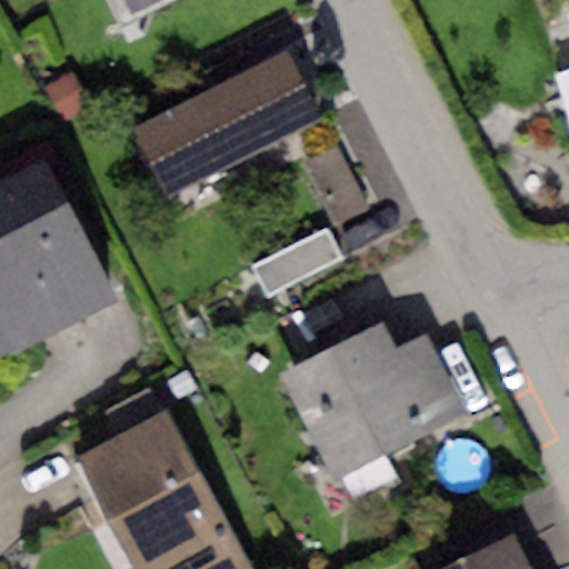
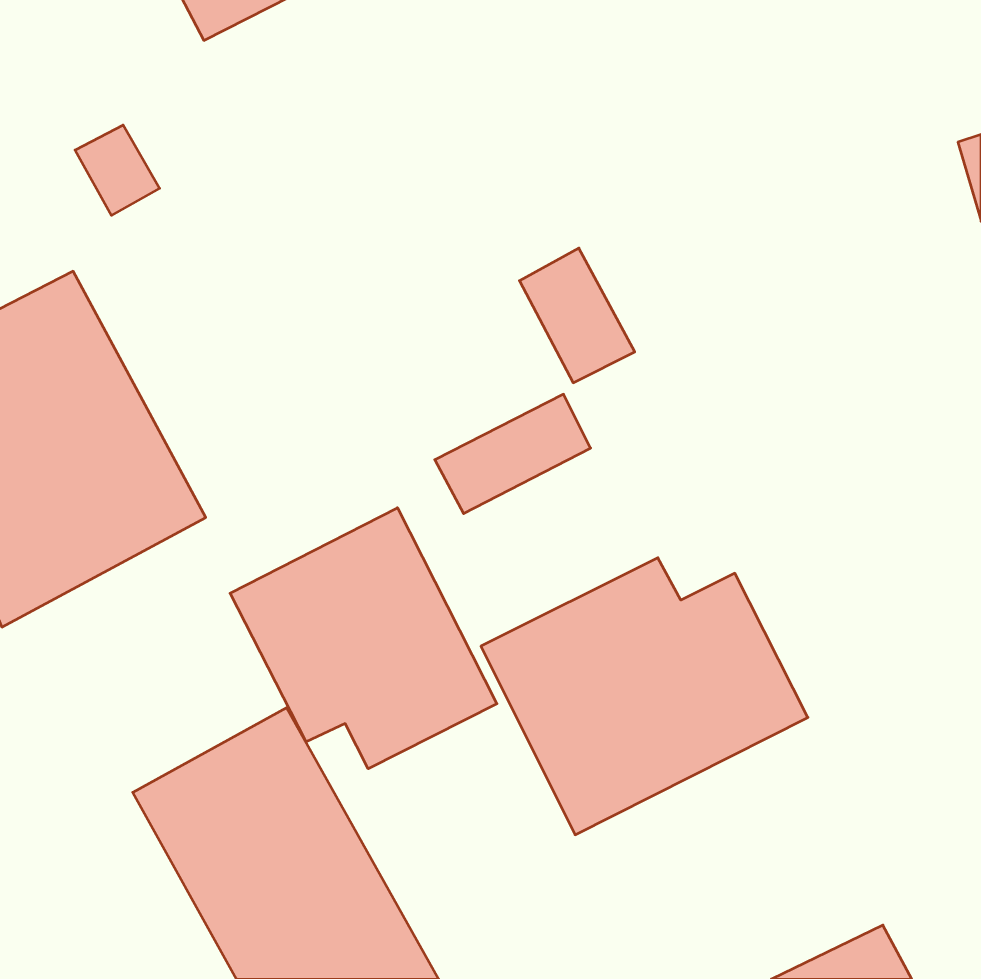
building: [131,52,318,194] -> none
building: none -> [230,508,497,769]

